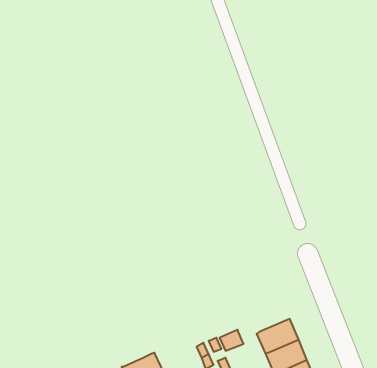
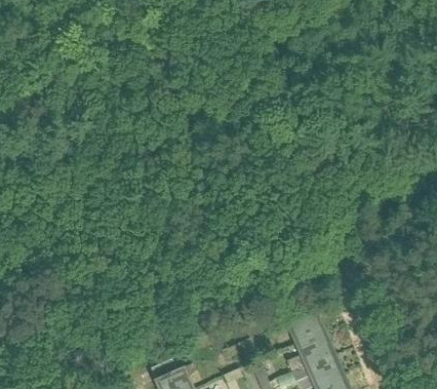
building: none -> [282,307,326,344]

